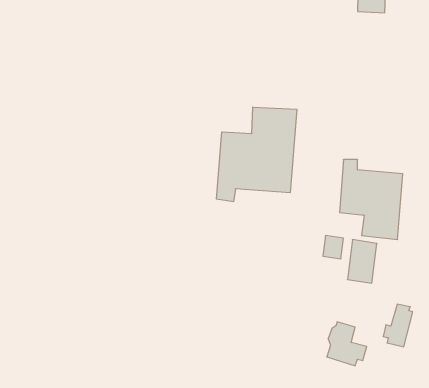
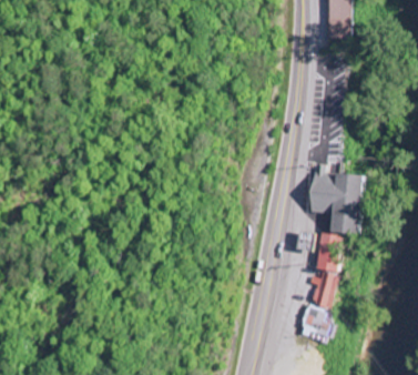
building: [216,107,297,202] -> none
building: [383,304,413,347] -> [312,271,337,307]

